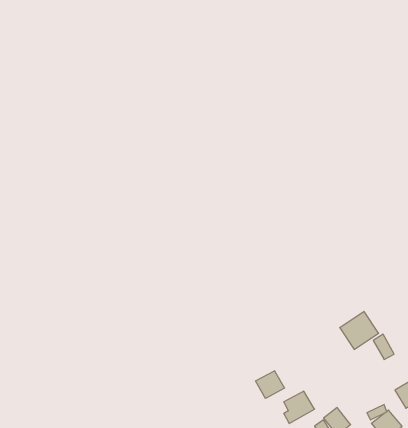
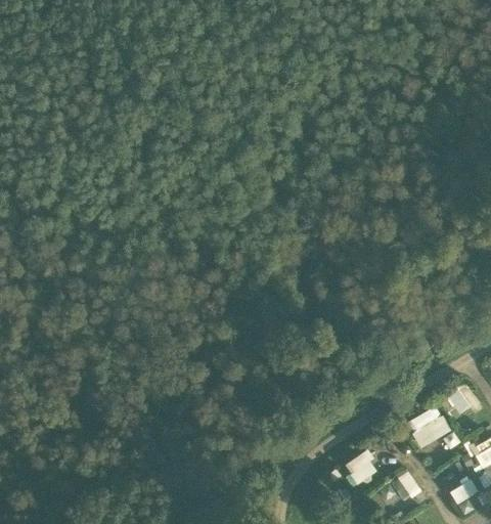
building: [340,311,379,349] -> [408,406,452,449]
building: [256,371,285,398] -> none

